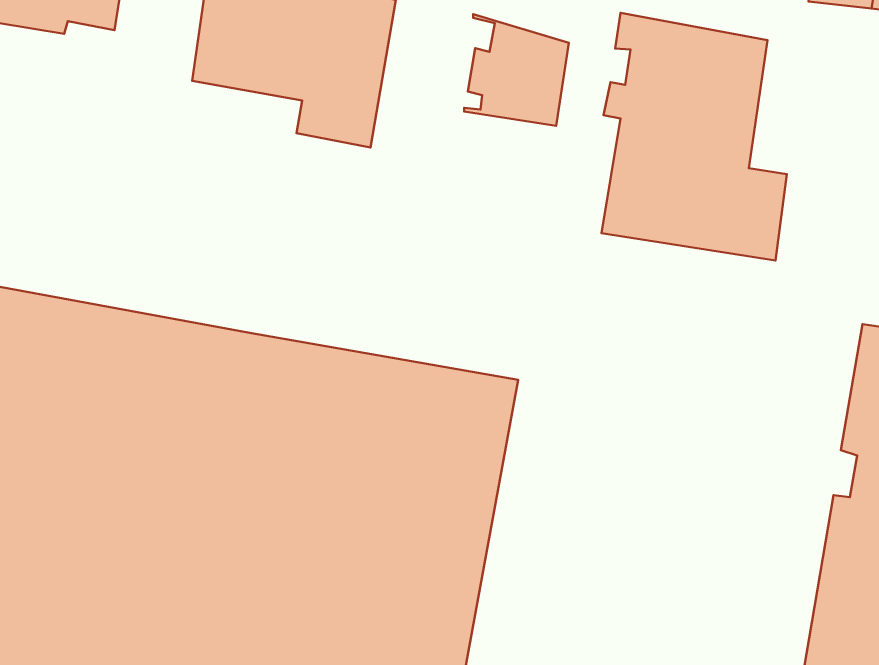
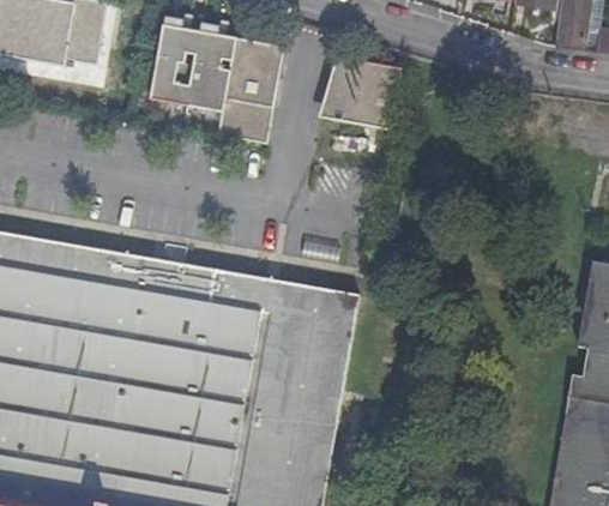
building: [602,13,787,261] -> none

